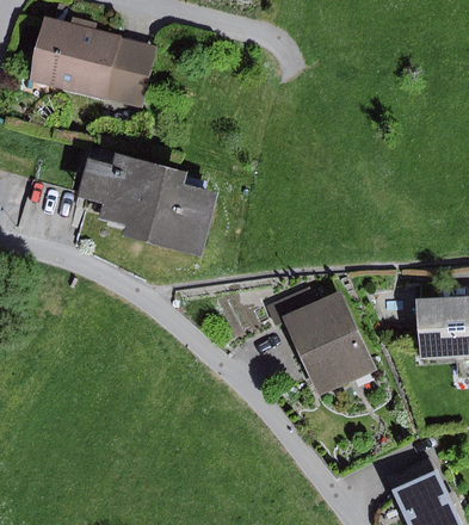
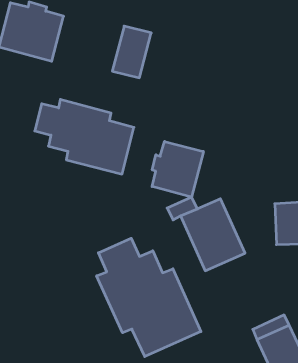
building: [101,36,156,109] -> [112,26,151,78]
building: none -> [152,141,203,197]
building: none -> [97,238,201,357]

